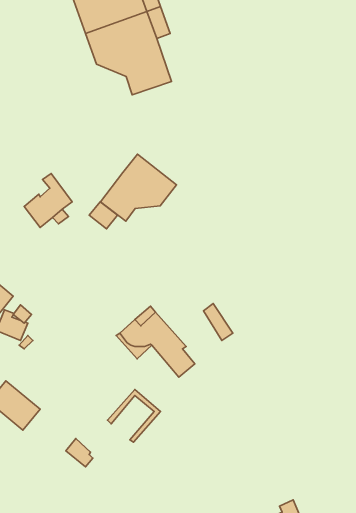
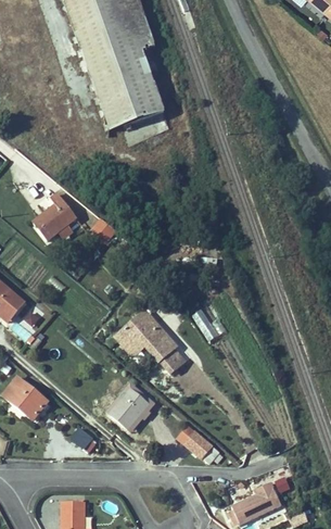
building: none -> [98,96,129,130]
building: [101,154,177,221] -> none
building: none -> [111,389,149,428]
building: none -> [178,426,219,462]

